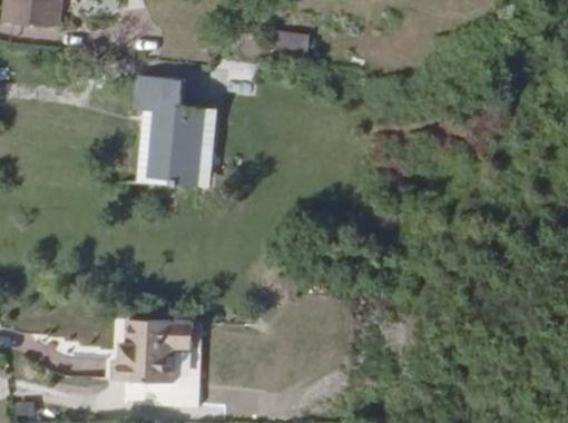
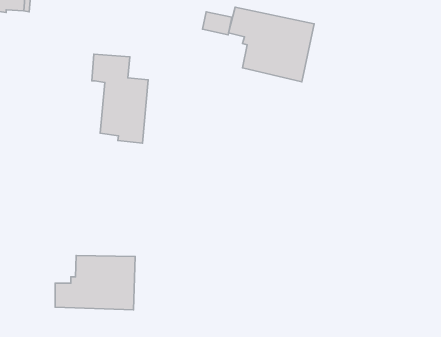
building: none -> [229,7,314,82]
building: [139,108,174,180] -> none

